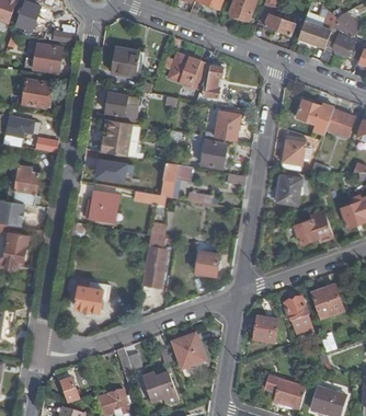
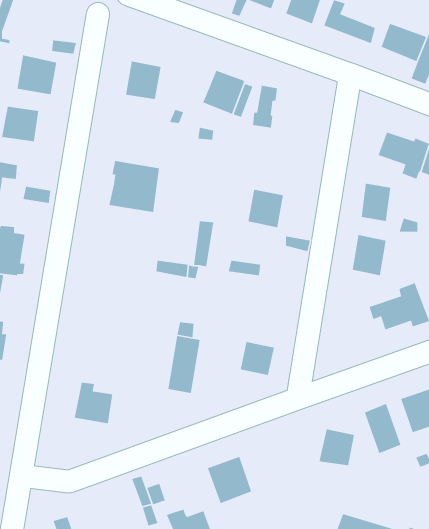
building: [105,93,139,118] -> none
building: [216,111,240,141] -> none
building: [94,158,125,180] -> none
building: [90,192,119,222] -> none

